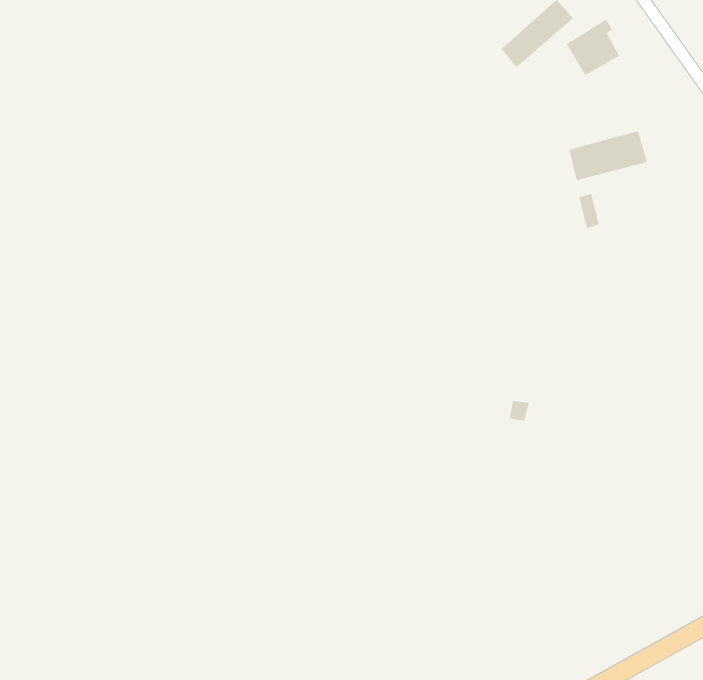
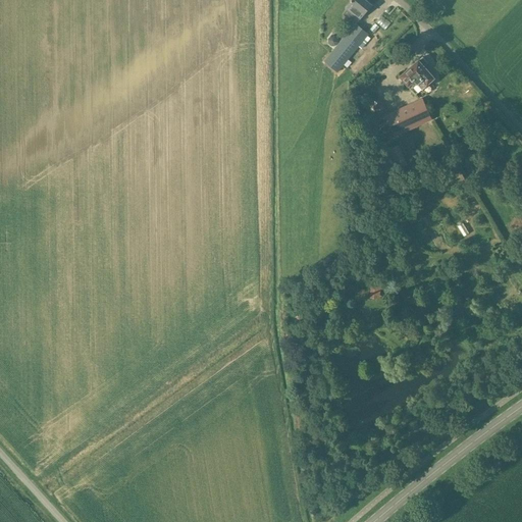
building: [566,19,620,76] -> [401,54,436,93]

